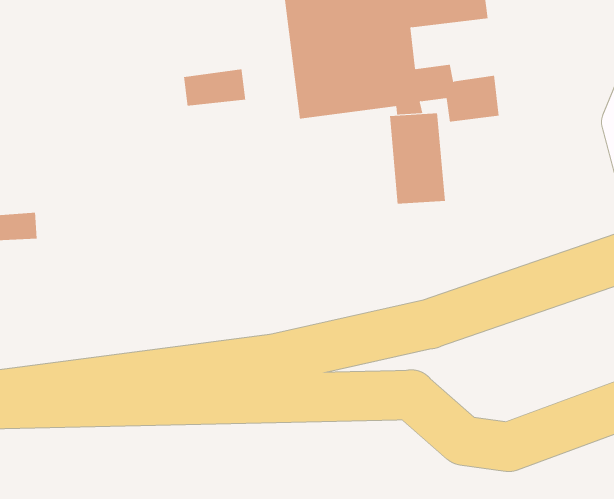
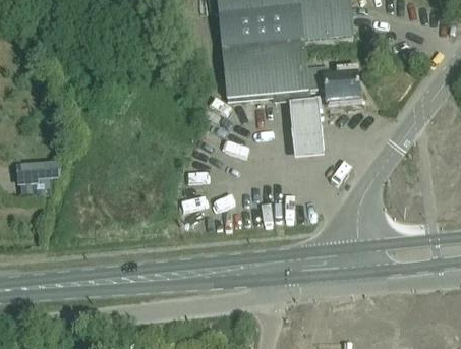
building: [183,69,246,106] -> none

